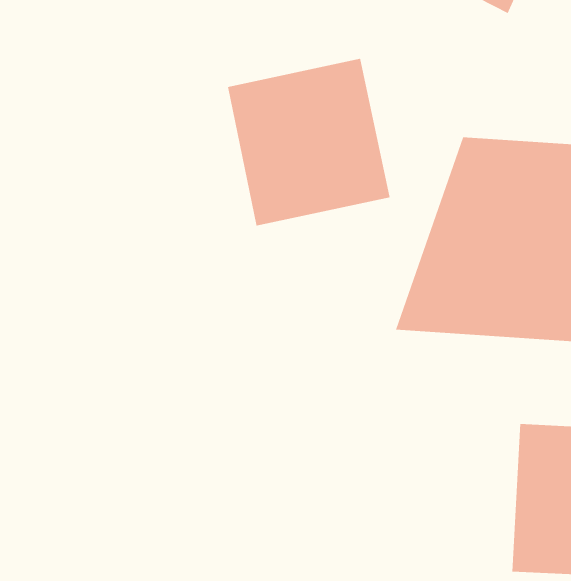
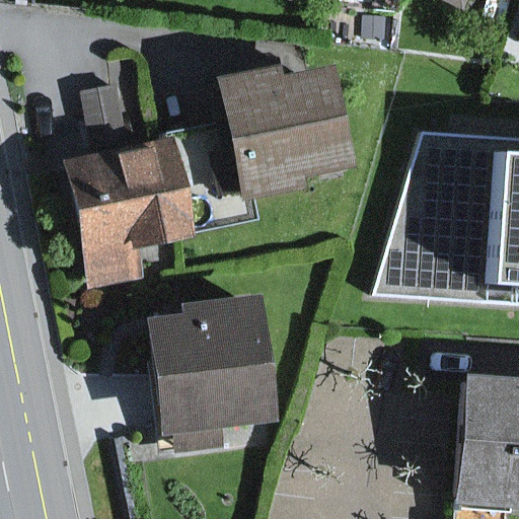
building: none -> [74,142,207,291]
building: none -> [146,295,273,450]

